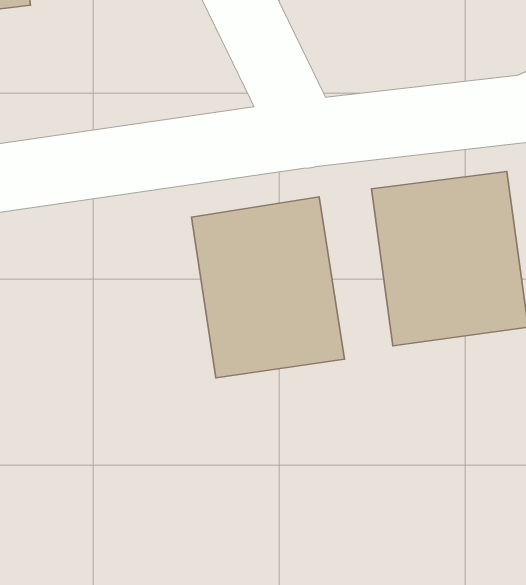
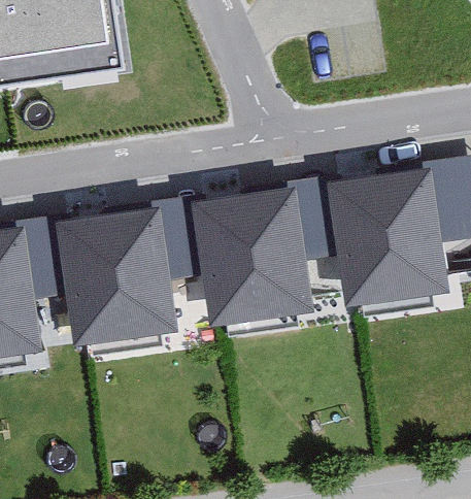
building: none -> [60,206,179,346]

